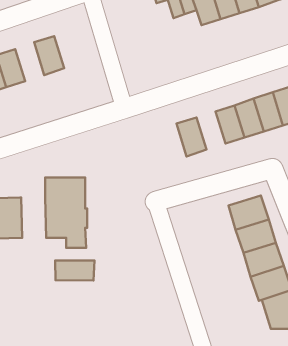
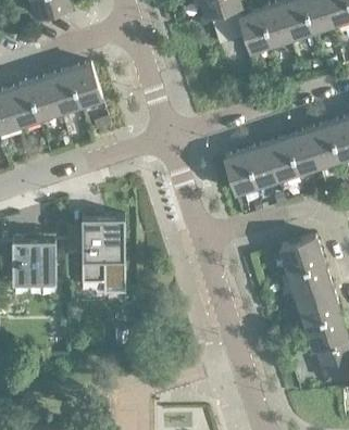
building: none -> [49,71,80,113]
building: none -> [246,146,277,187]
building: [55,260,95,280] -> none

